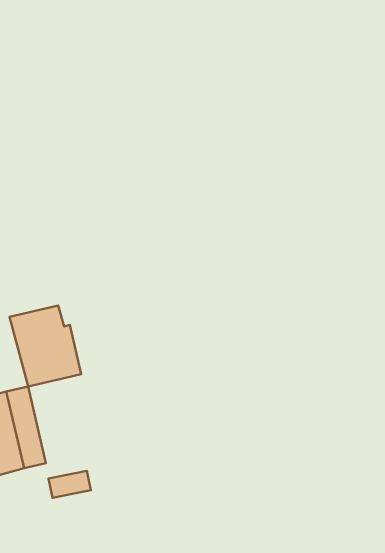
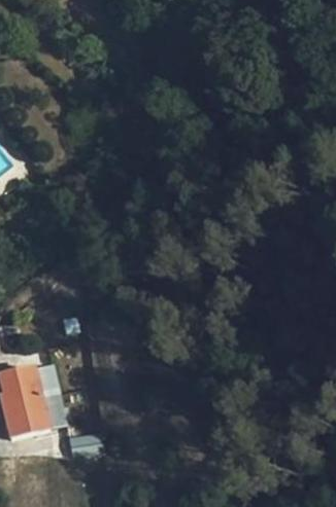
building: [9,306,81,386] -> none

